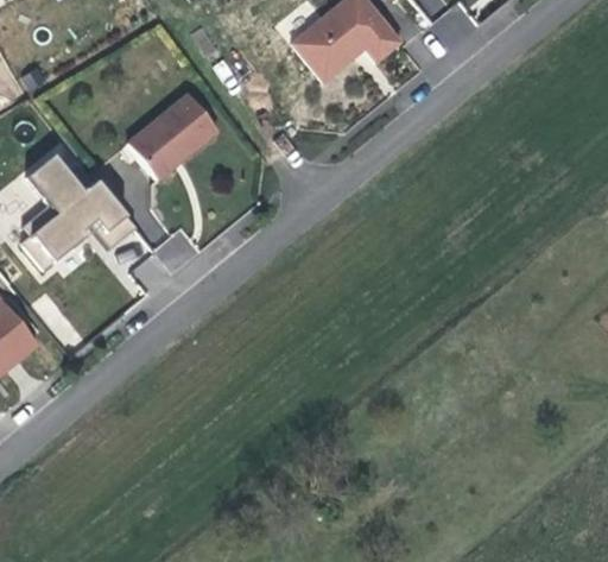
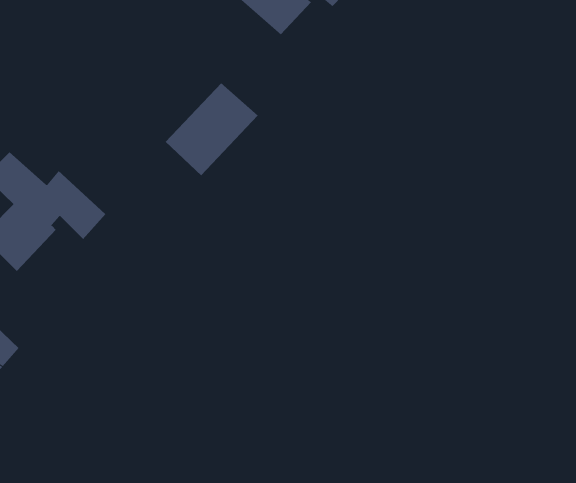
building: [128,94,220,179] -> [165,83,258,176]

